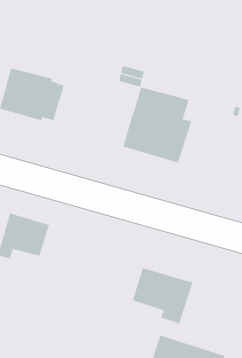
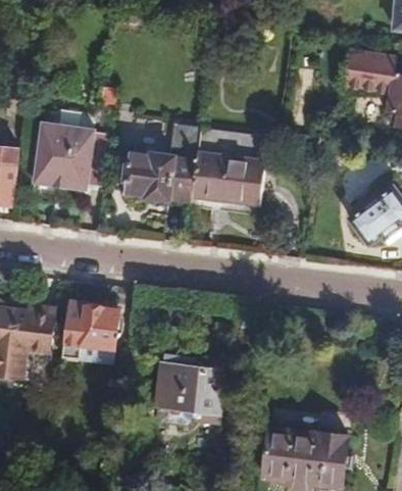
building: none -> [123,152,196,202]
building: [132,268,193,324] -> [155,353,224,413]

